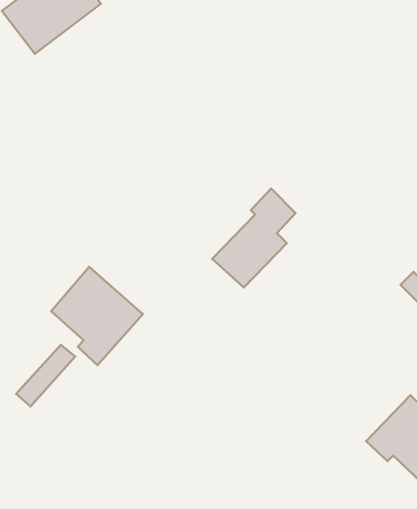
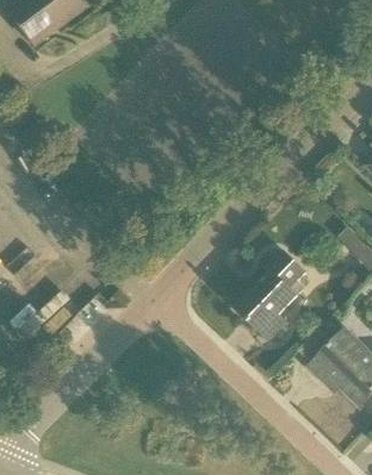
building: [212,189,295,288] -> [237,251,306,333]
building: [51,267,143,365] -> none

